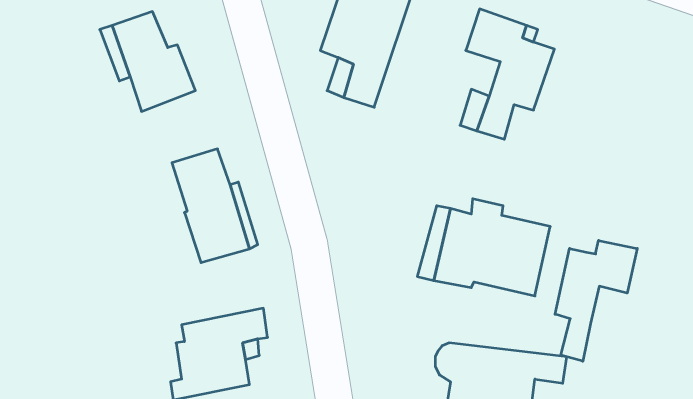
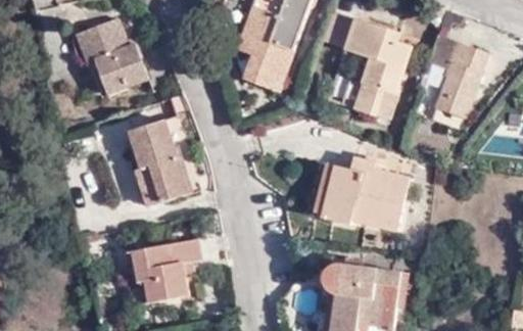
building: none -> [427,34,487,119]
building: [555,240,637,361] -> none

